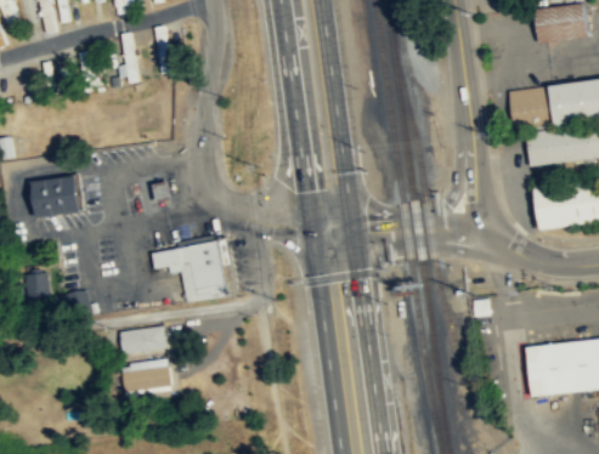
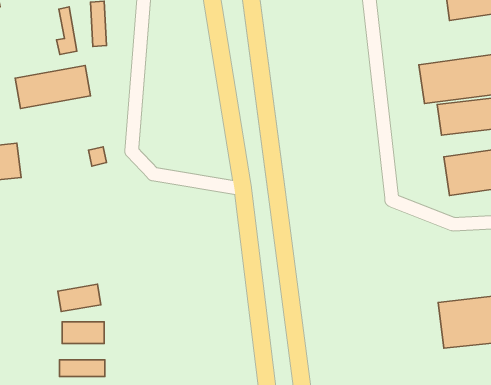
building: none -> [15,66,91,108]
building: [151,238,228,300] -> none
building: none -> [59,360,105,377]

